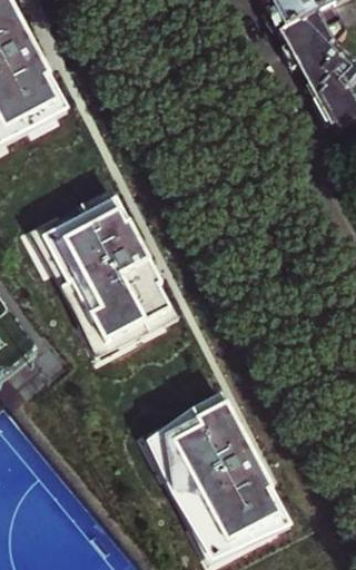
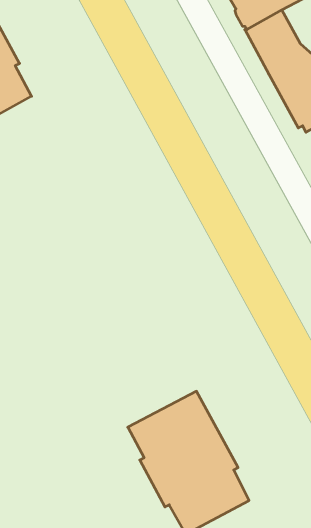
building: [43,198,171,344] -> none

